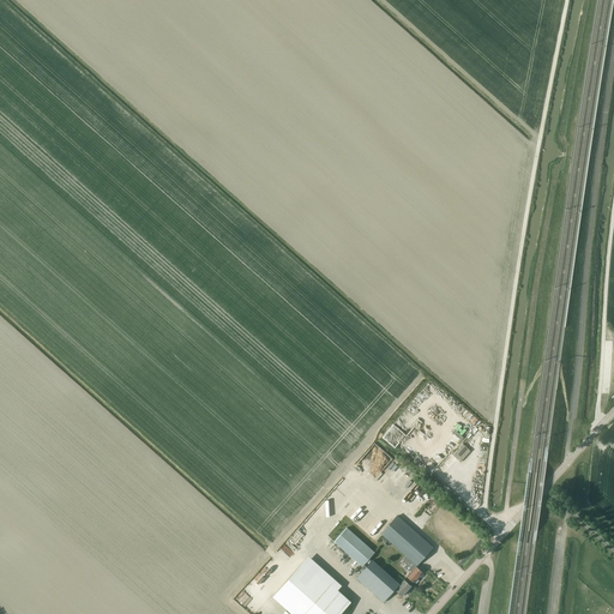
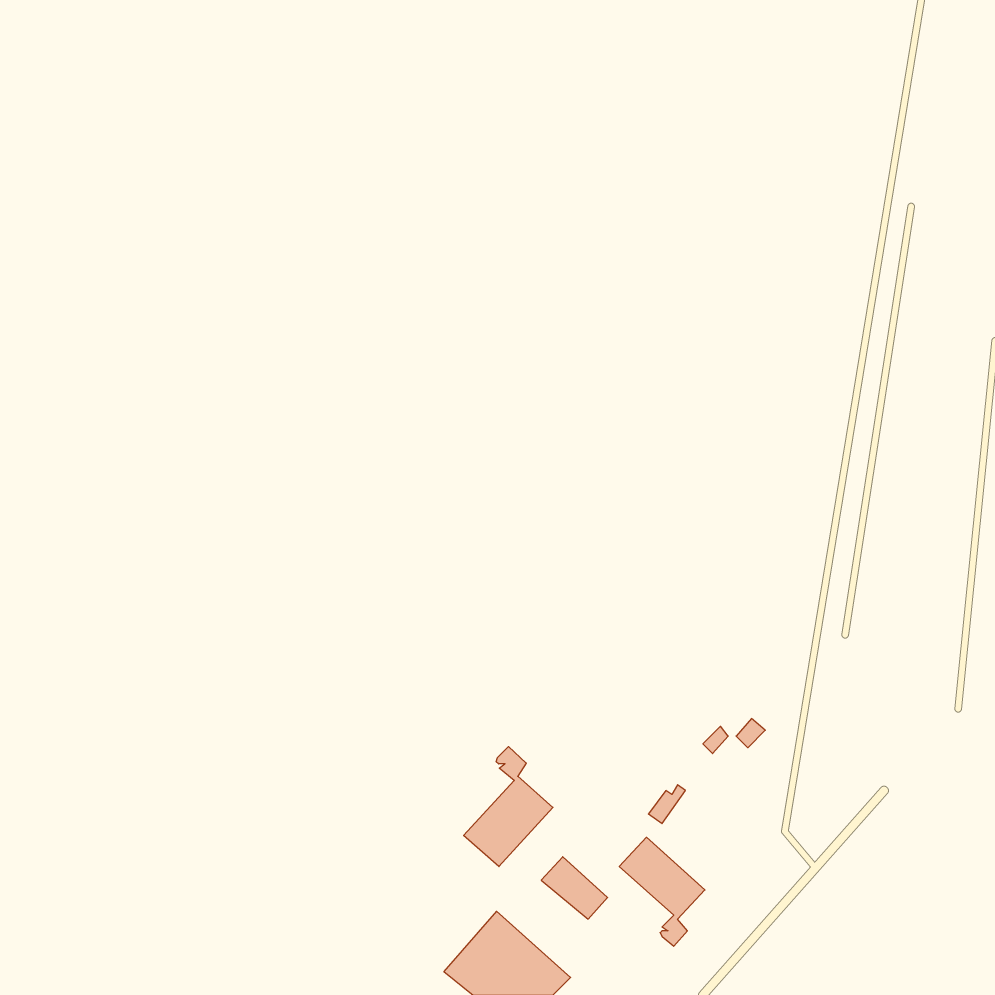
building: none -> [464,747,553,867]
building: [356,560,411,602] -> none

